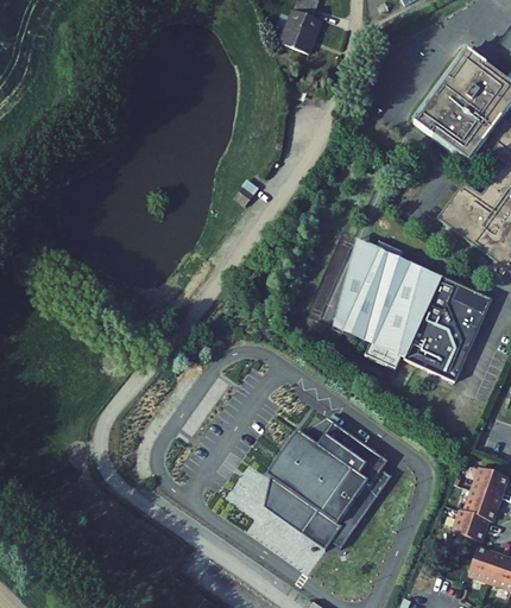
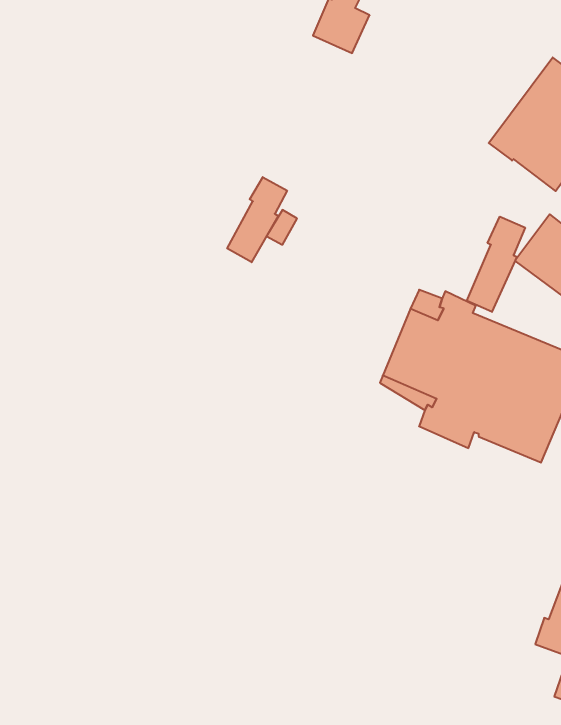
building: none -> [227,177,287,262]
building: none -> [467,217,525,312]
building: [265,417,392,549] -> none

